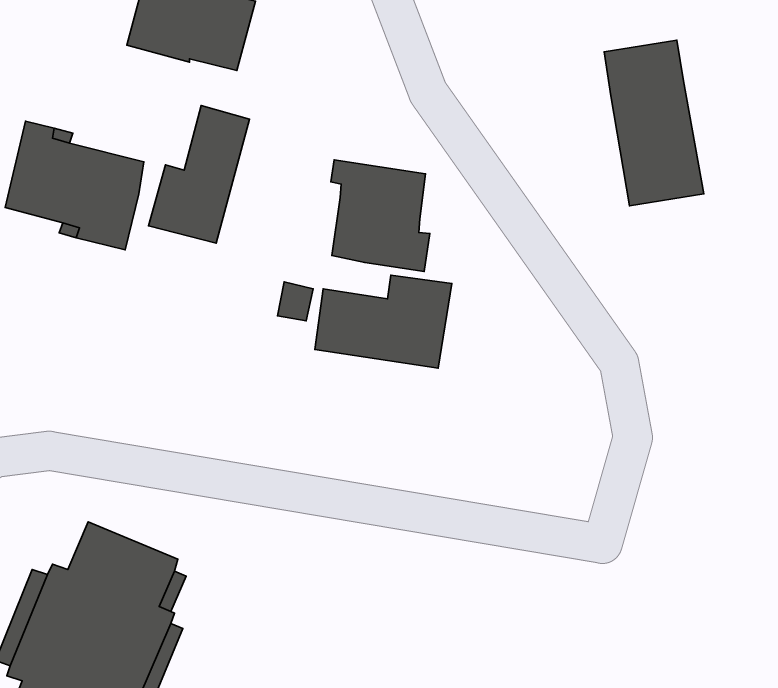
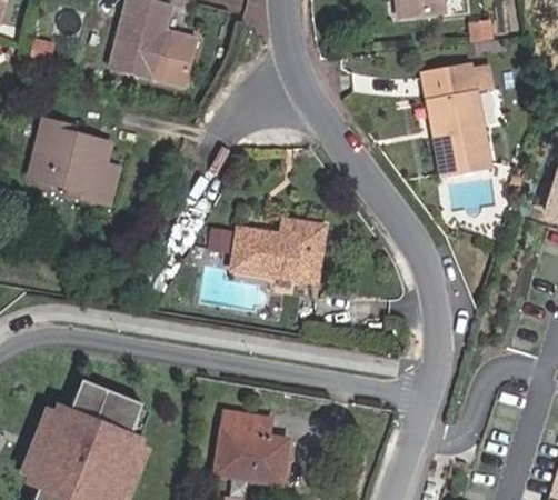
building: [148,105,249,243] -> none
building: [331,160,430,272] -> none
building: none -> [215,411,289,483]

